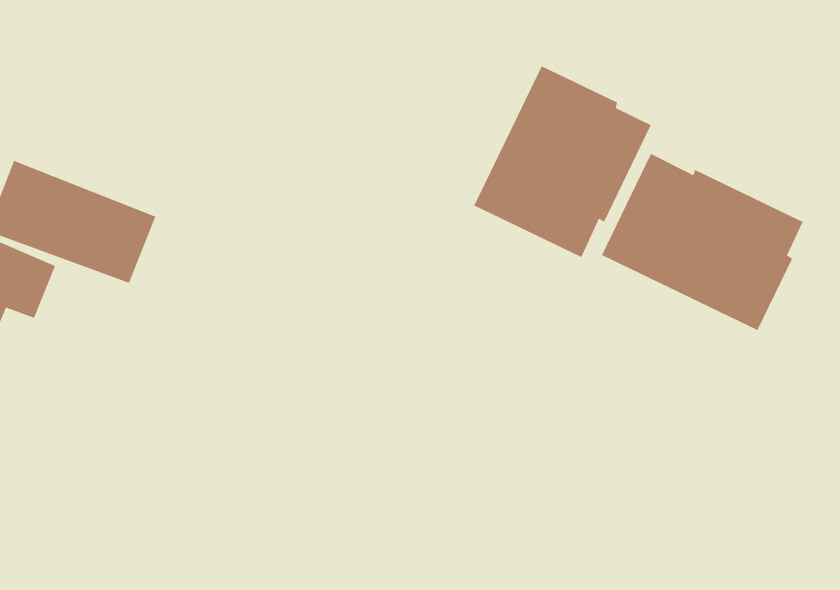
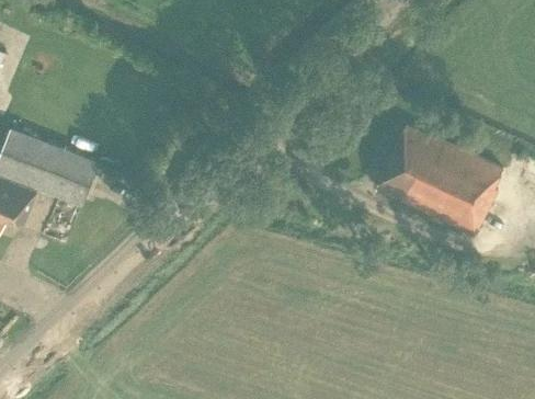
building: [474,66,651,258] -> none

